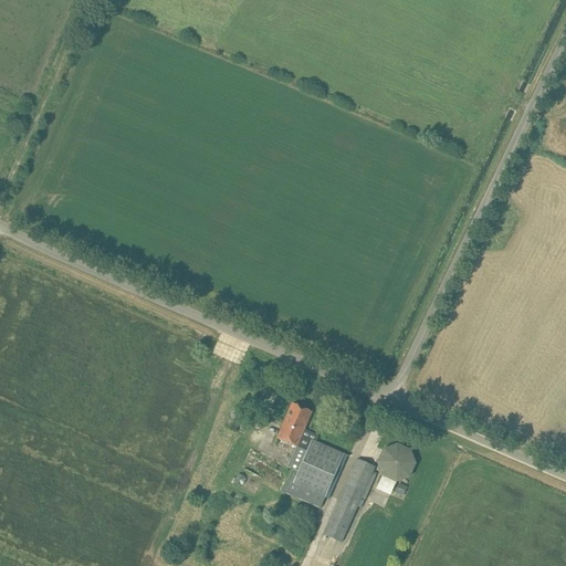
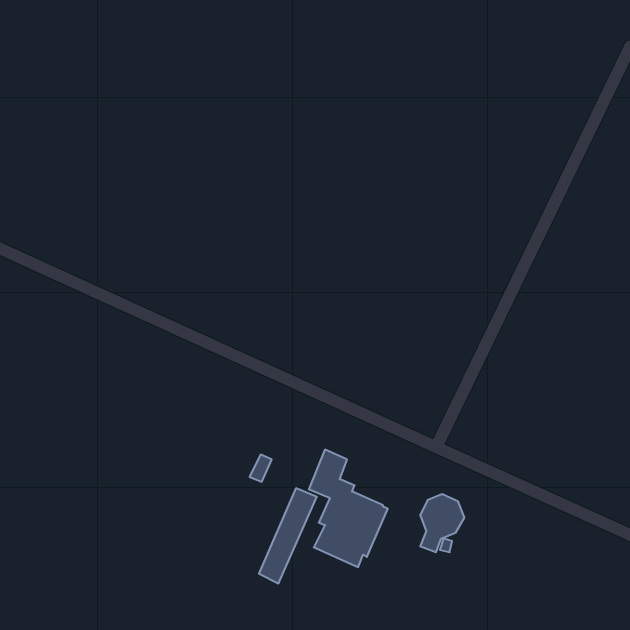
building: [323,458,375,543] -> [259,488,317,583]

